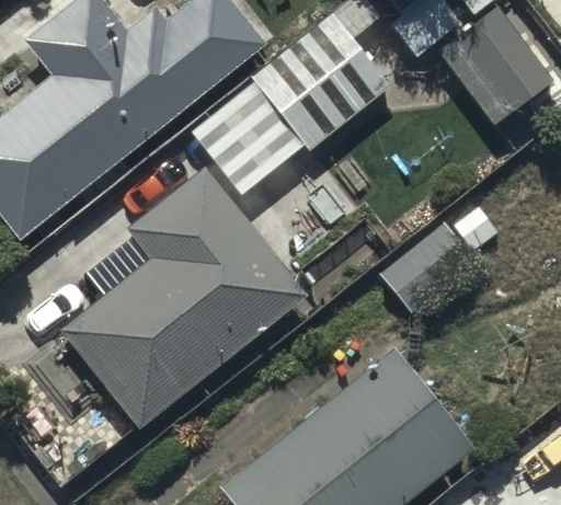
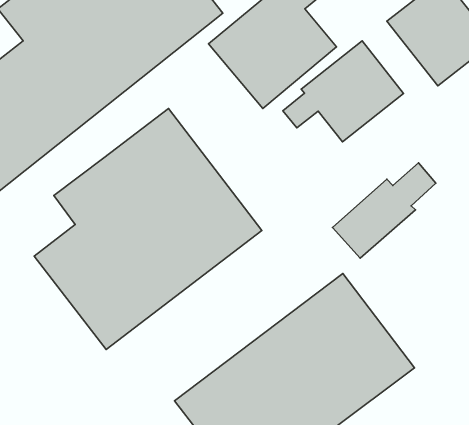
building: none -> [283,41,403,142]

